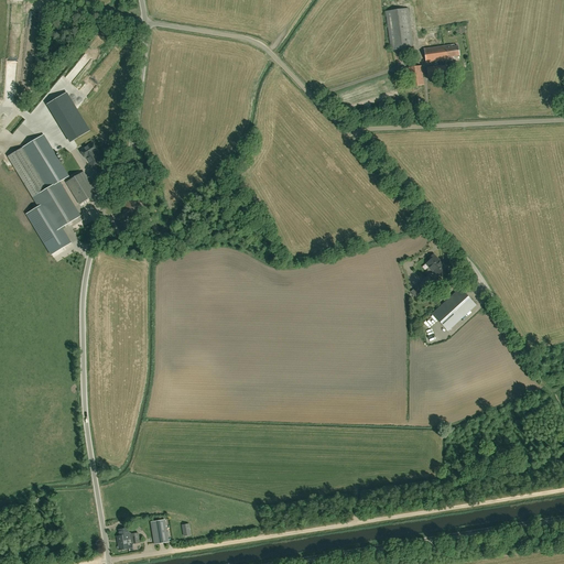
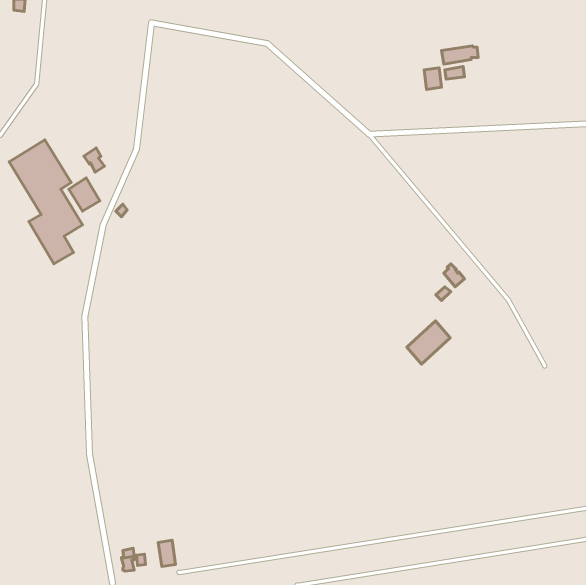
building: [386,8,413,50] -> none
building: [47,91,89,141] -> none
building: [433,288,475,329] -> [407,321,450,364]

